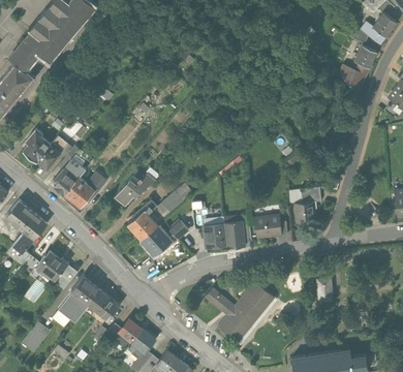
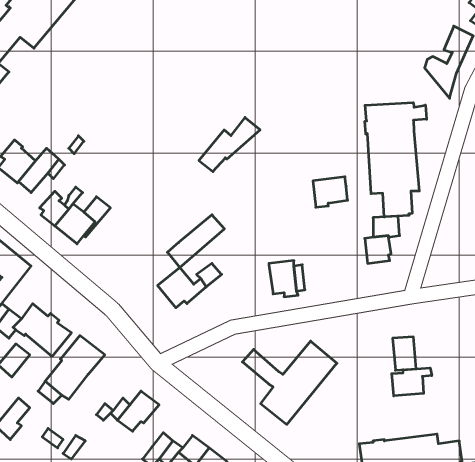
building: none -> [365,103,427,217]
building: [116,165,161,206] -> [199,117,260,172]
building: [129,200,158,239] -> none
building: [255,214,281,237] -> [313,177,348,207]
building: [204,223,227,247] -> none
building: [90,289,120,320] -> none
building: none -> [392,368,432,396]
building: [128,328,155,359] -> none

